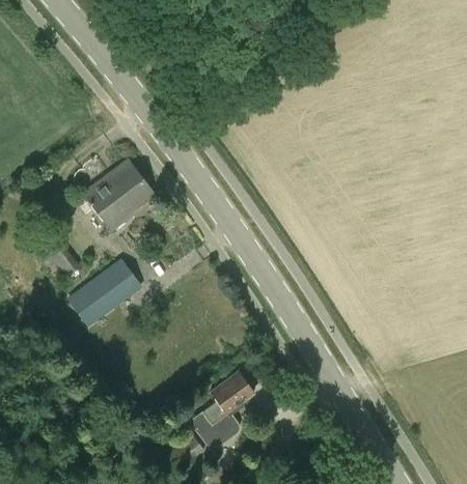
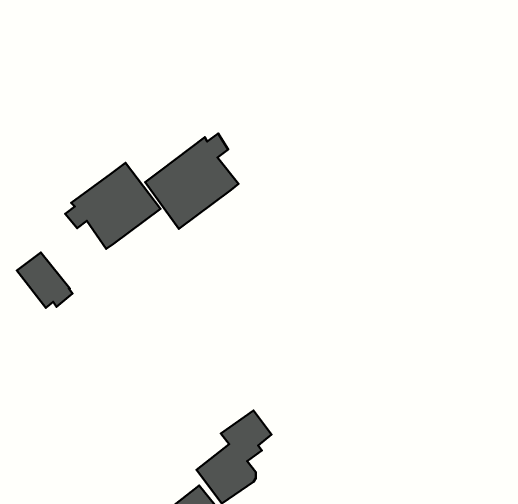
building: none -> [145,134,239,229]
building: [68,259,141,333] -> none

